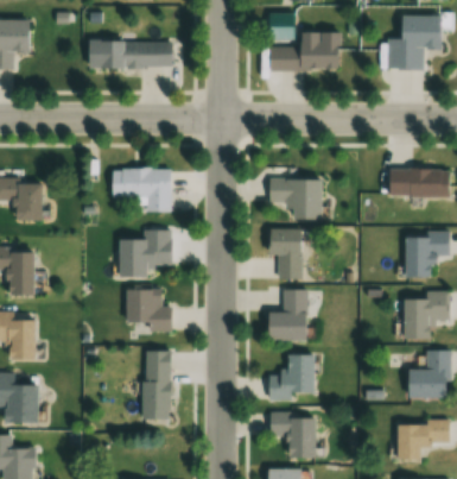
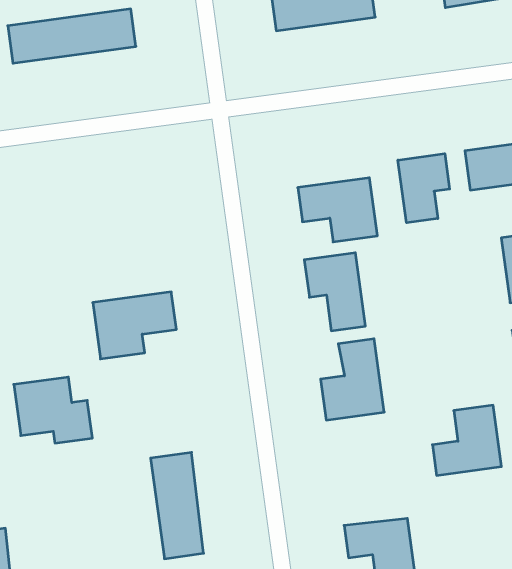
building: [112,168,173,212] -> none
building: none -> [398,154,450,223]
building: [127,288,176,332] -> [14,377,92,443]
building: [269,354,315,397] -> [432,405,501,475]

